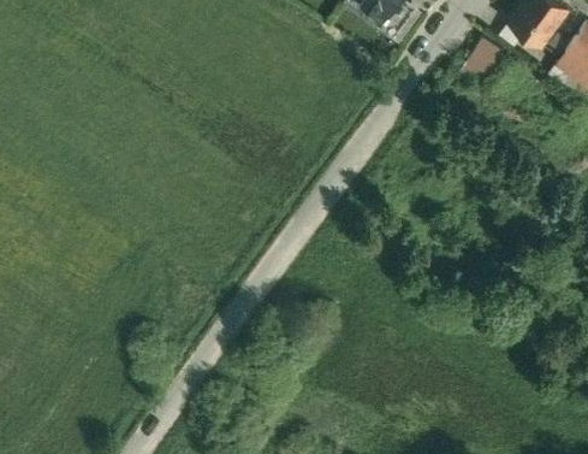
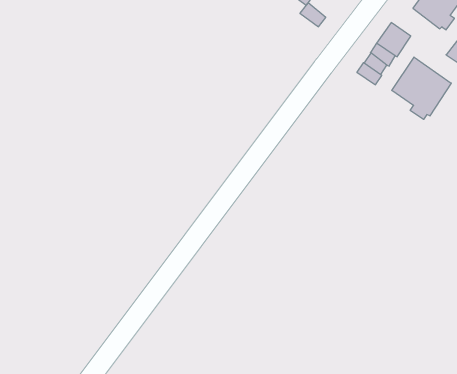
building: none -> [392,57,451,119]

